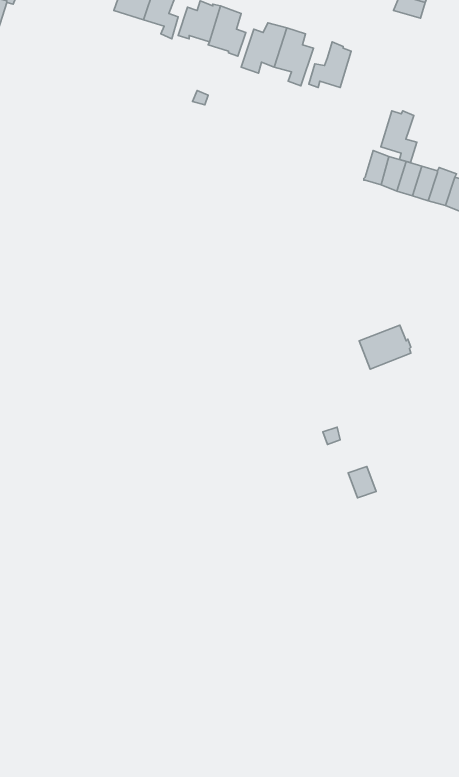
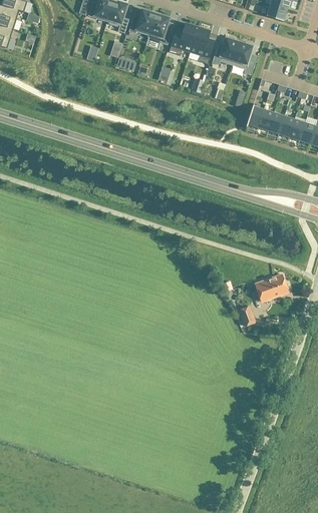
building: [381,111,417,163] -> [232,41,255,74]
building: [359,325,411,369] -> [254,274,287,302]

